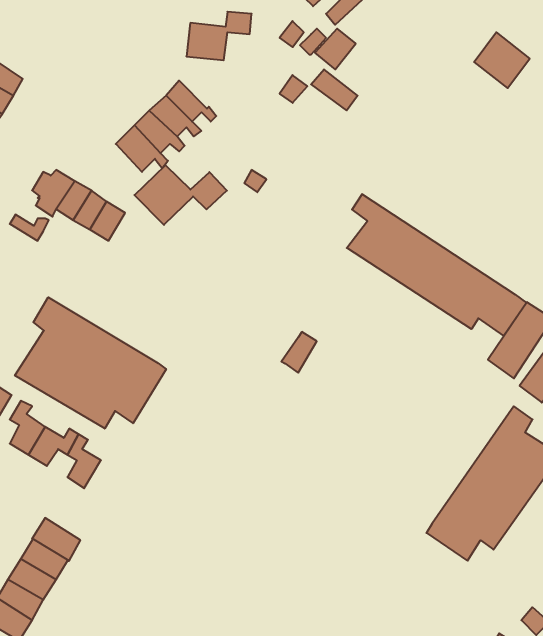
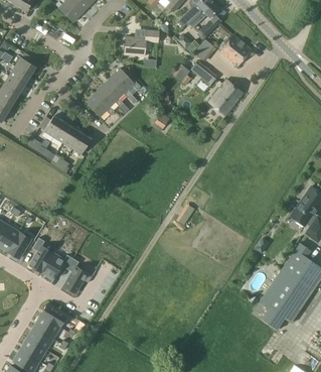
building: [474,32,530,88] -> [220,35,251,66]
building: none -> [208,80,243,115]
building: [134,165,227,225] -> none
building: [347,194,527,336] -> none
building: [15,297,166,429] -> none

